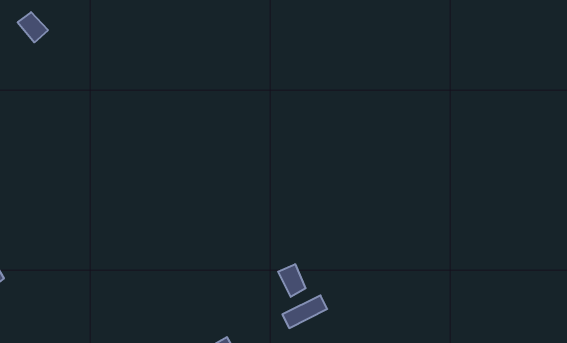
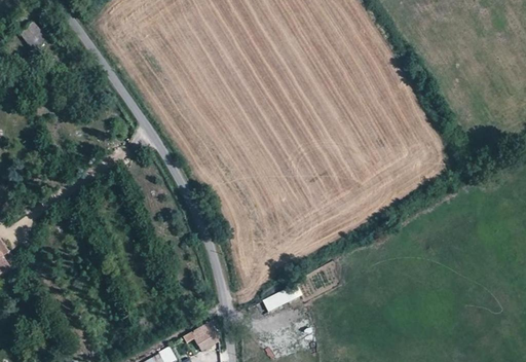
building: [278,264,306,297] -> none

